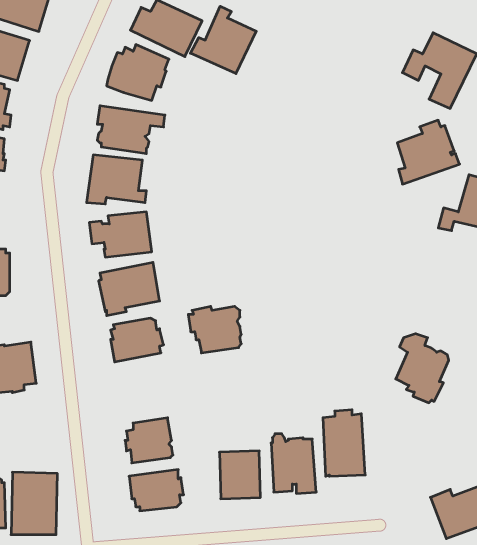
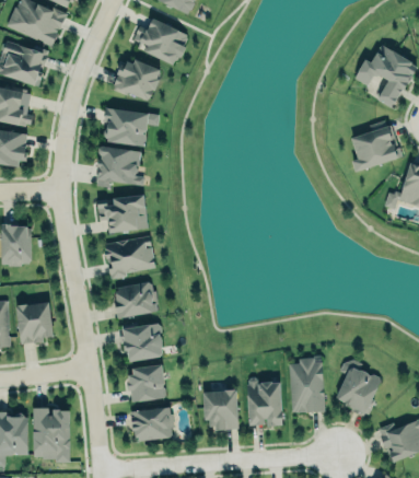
building: [190,6,256,74] -> none
building: [188,306,241,353] -> [119,323,163,361]
building: [396,334,449,403] -> [337,360,381,417]

